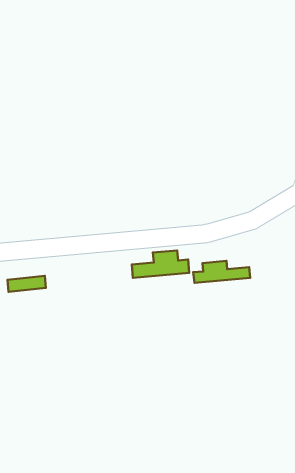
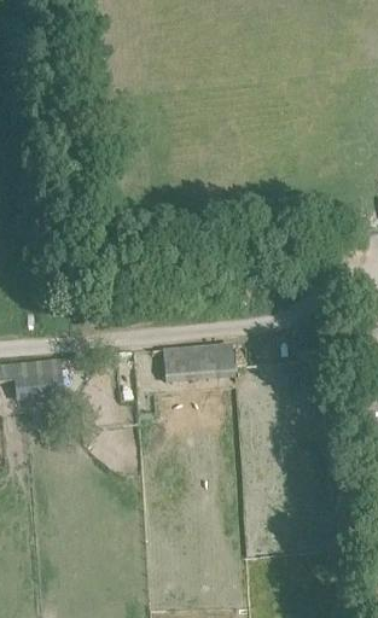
building: [193,261,250,283] -> none

